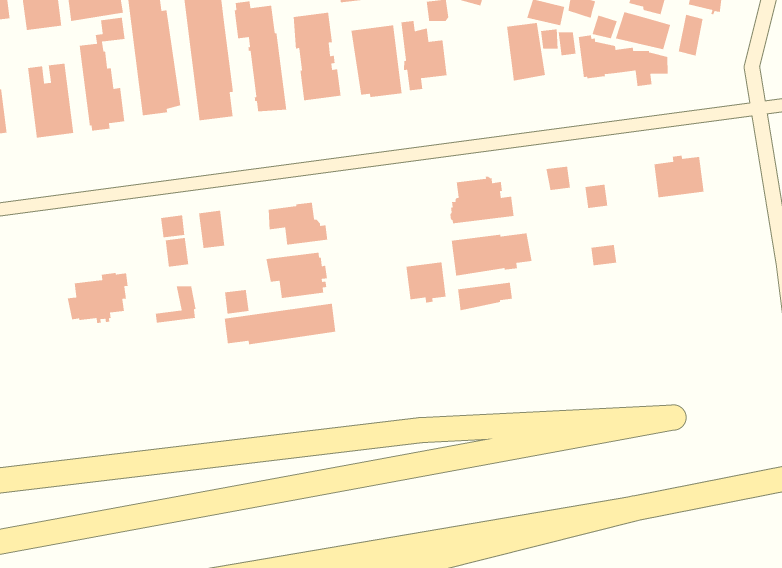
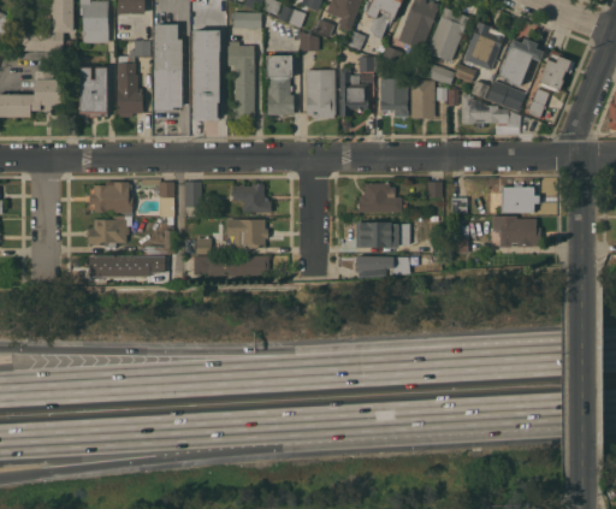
building: none -> [379,79,403,117]
building: none -> [491,215,540,248]
building: none -> [88,182,131,212]
building: [405,261,447,303] -> none
building: none -> [89,256,164,277]

